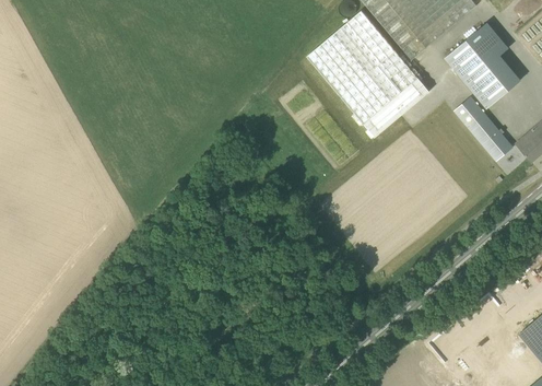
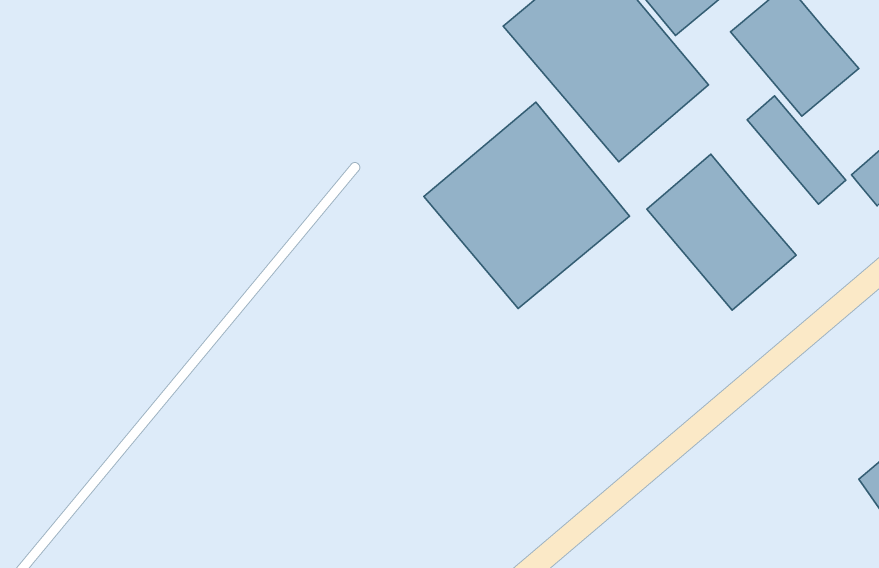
building: none -> [424,102,629,309]
building: none -> [647,154,796,310]

